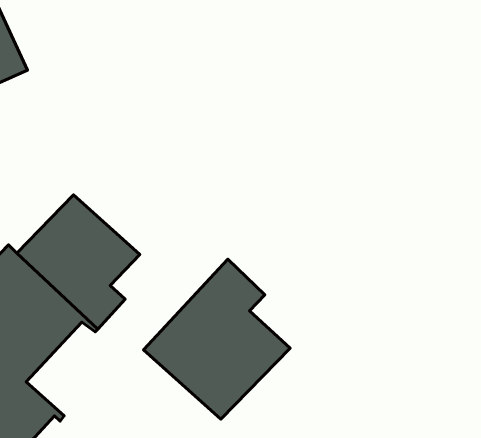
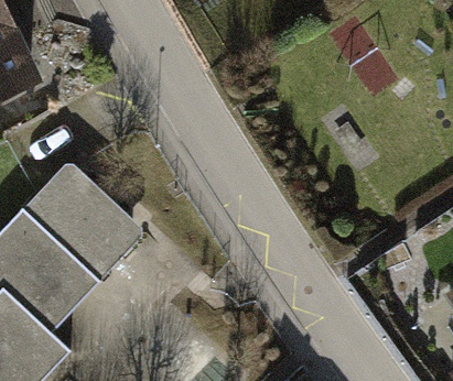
building: [144,259,290,419] -> none

